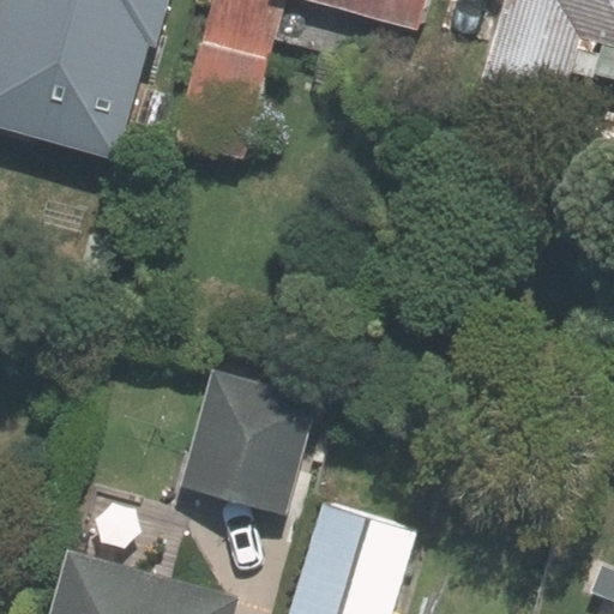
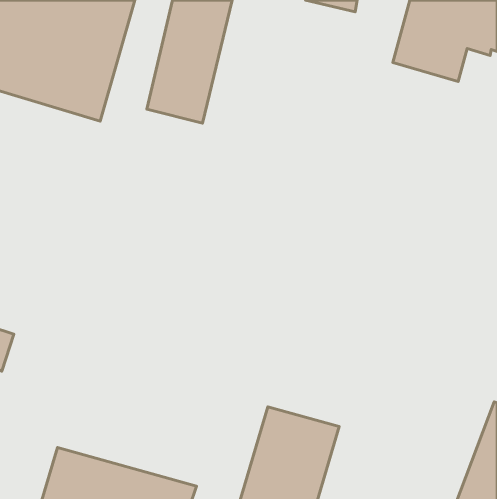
building: [181,369,317,513] -> none

